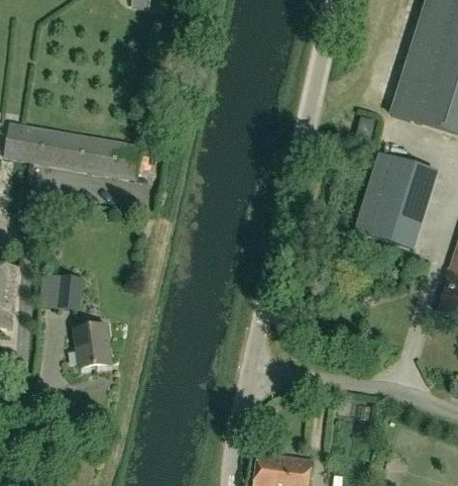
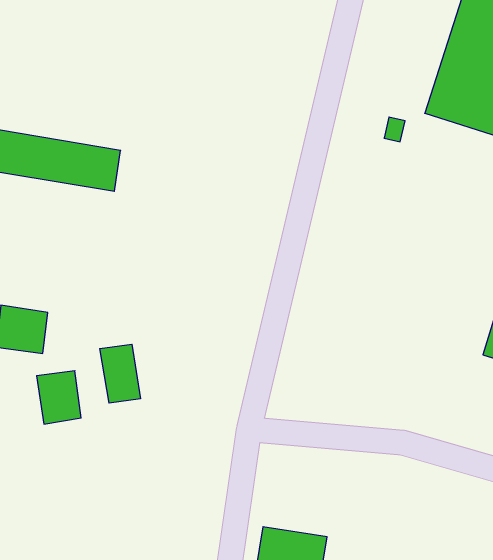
building: [352,151,434,247] -> none
building: none -> [100,344,140,403]

